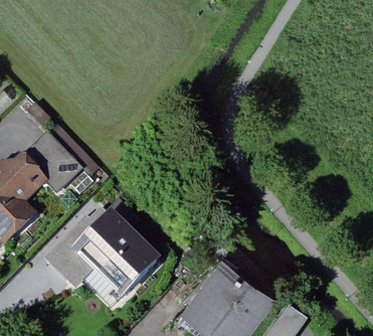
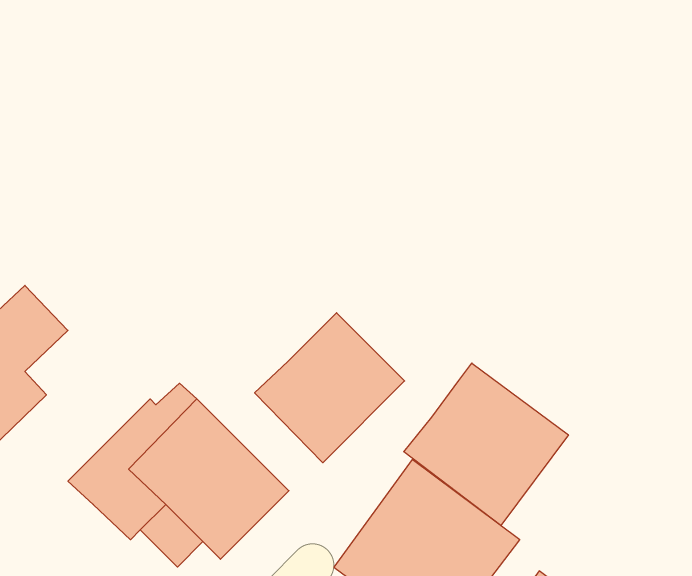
building: none -> [255,313,405,463]
building: none -> [404,363,568,526]

